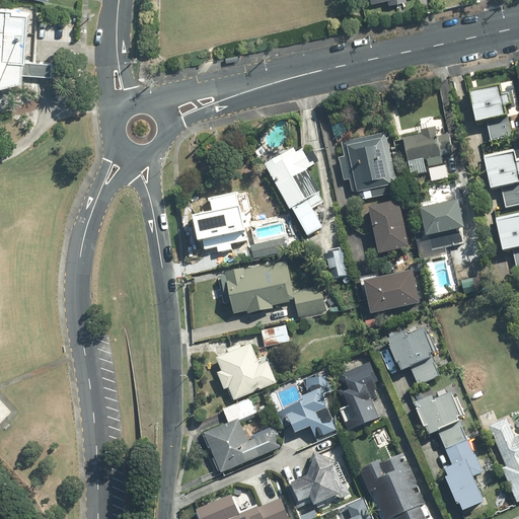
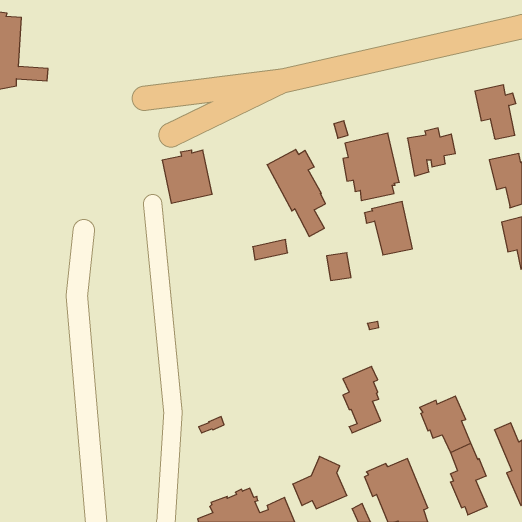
building: [198,198,247,250] -> [162,150,212,203]
building: [421,200,463,248] -> none
building: [220,262,325,316] -> none
building: [365,263,419,312] -> none
building: [261,324,288,346] -> none
building: [389,329,439,384] -> none
building: [217,344,275,398] -> none
building: [276,376,336,438] -> none
building: [205,397,279,471] -> none

